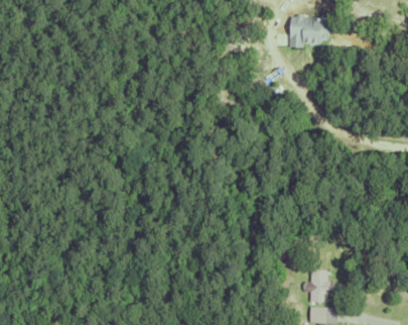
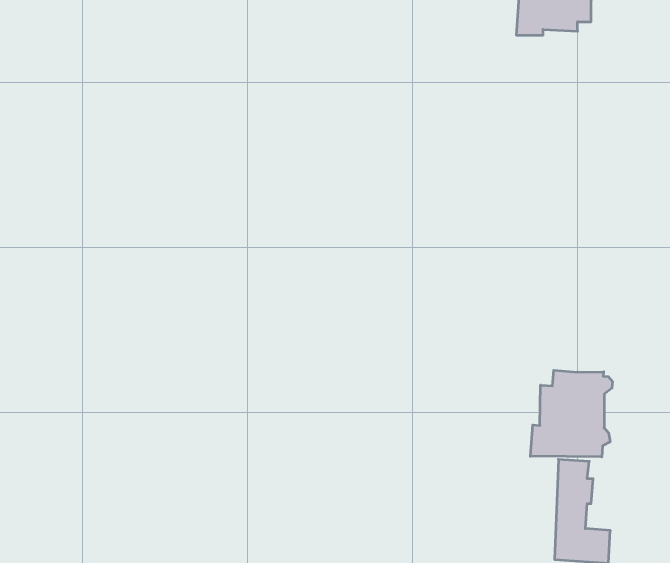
building: none -> [530,370,612,457]

